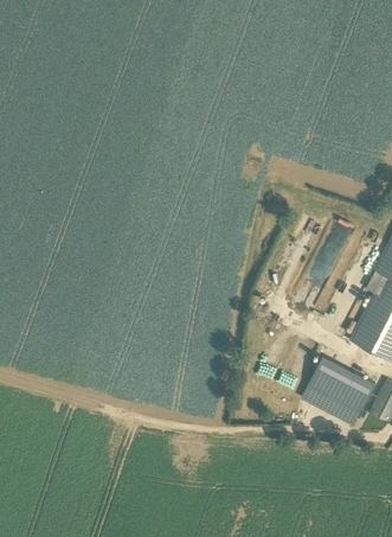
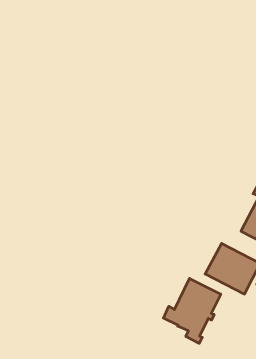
building: none -> [163,278,221,343]

